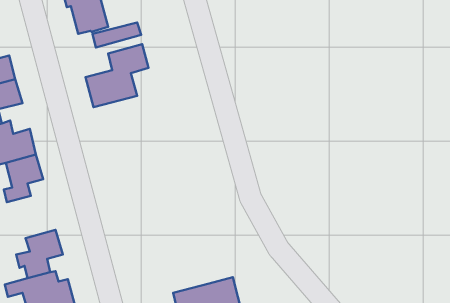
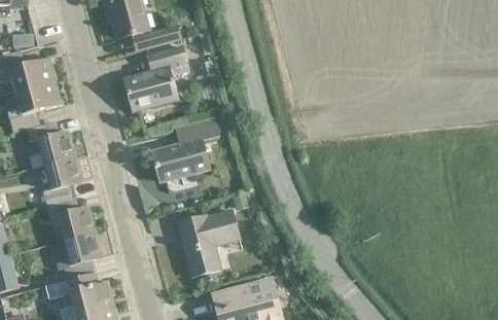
building: none -> [151,119,217,180]
building: none -> [46,198,95,240]
building: none -> [177,211,239,276]

